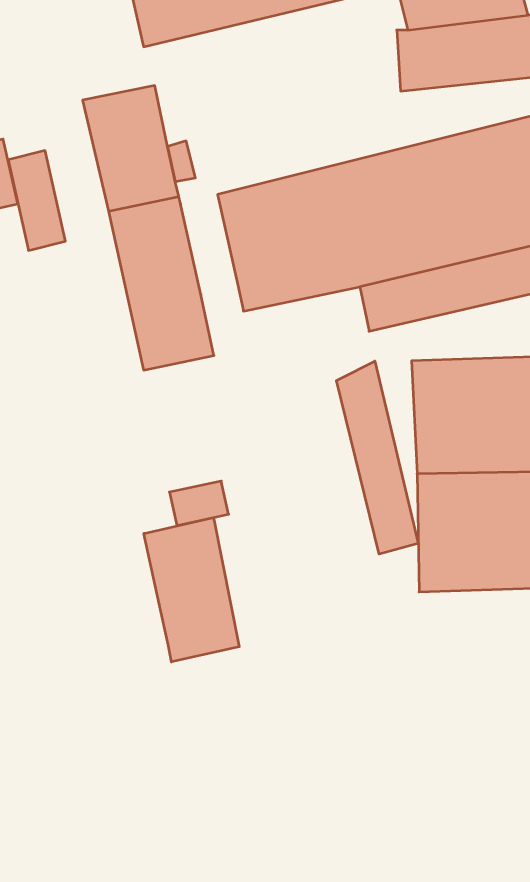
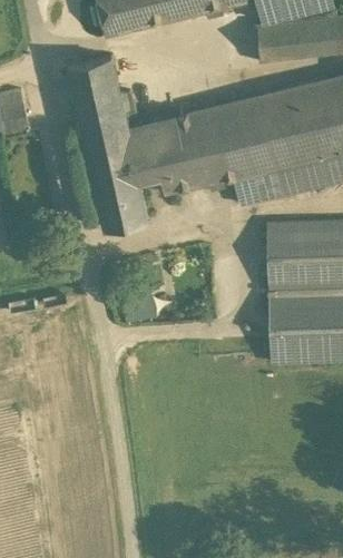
building: [8,151,65,250] -> [127,121,161,182]
building: [336,361,418,554] -> none
building: [144,518,239,662] -> none

